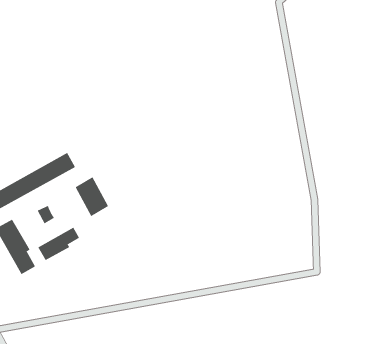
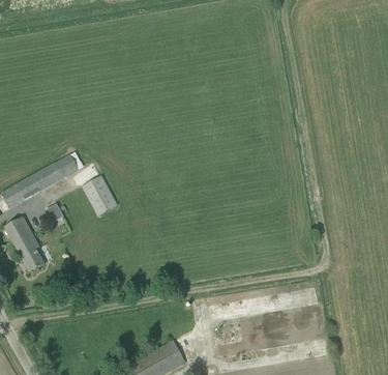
building: [37,227,80,261] -> none

